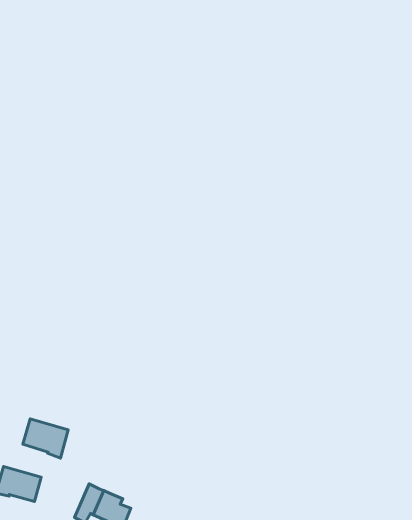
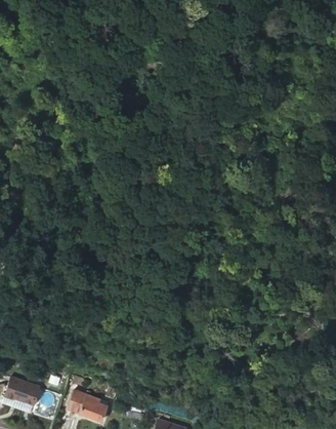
building: [23,419,68,458] -> none

